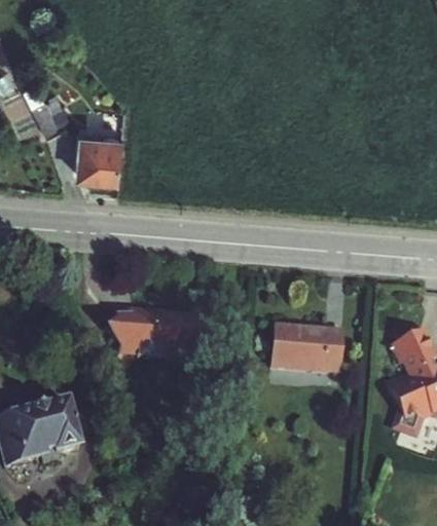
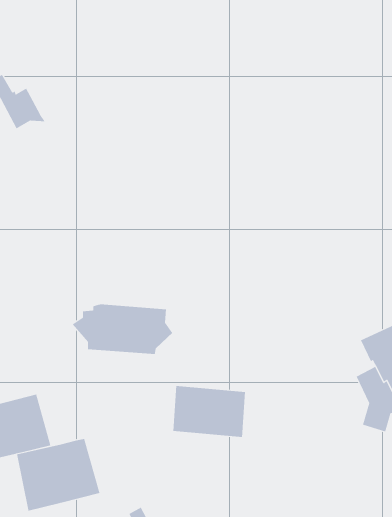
building: [76,128,123,178] -> none
building: [269,323,342,374] -> [172,386,246,437]
building: none -> [16,438,100,511]

